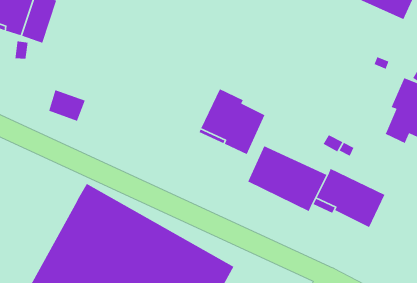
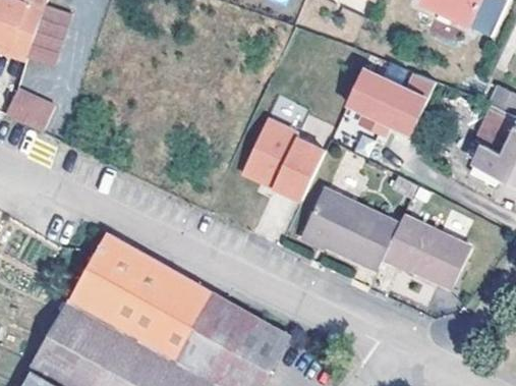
building: none -> [346,70,435,133]
building: [48,89,86,122] -> [8,86,54,125]

